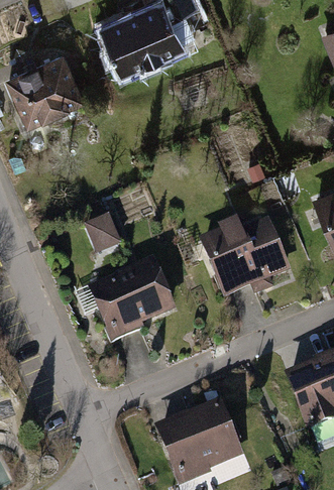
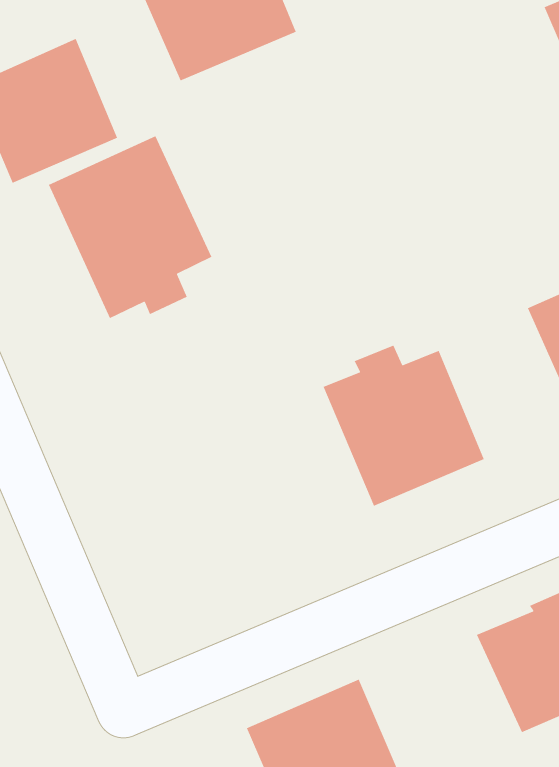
building: none -> [48,135,213,319]
building: [86,216,123,255] -> none
building: [90,262,179,344] -> none

